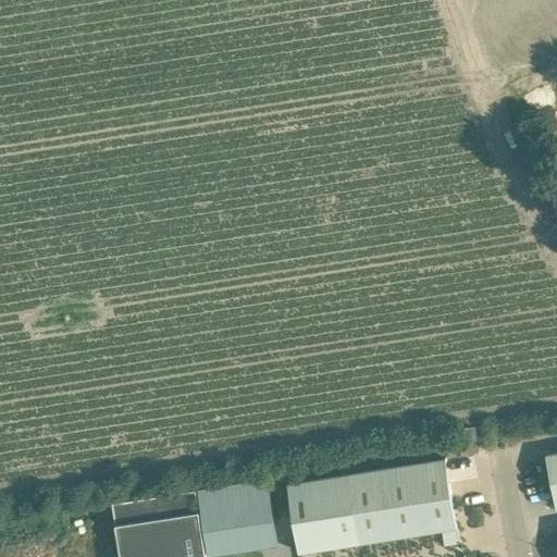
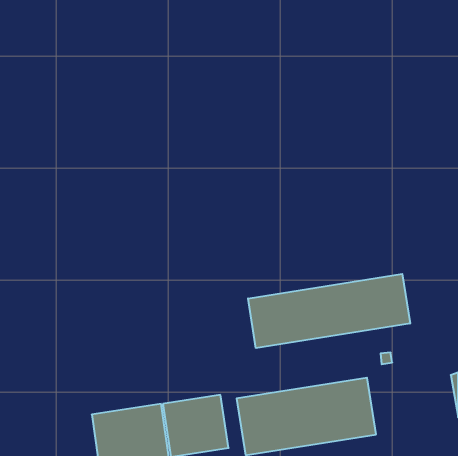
building: none -> [248,274,410,348]

